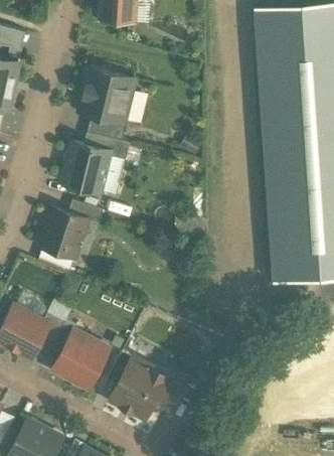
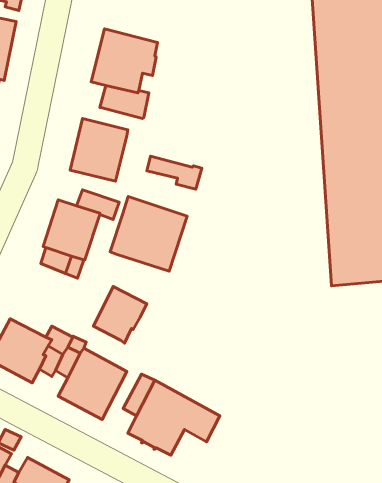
building: [86,133,131,160] -> [147,156,202,189]
building: none -> [110,197,187,271]
building: none -> [94,287,147,343]

